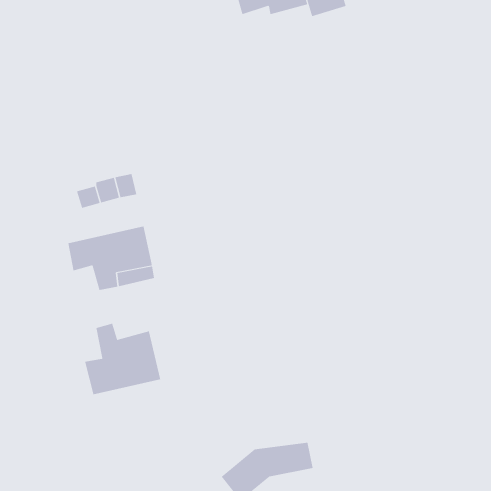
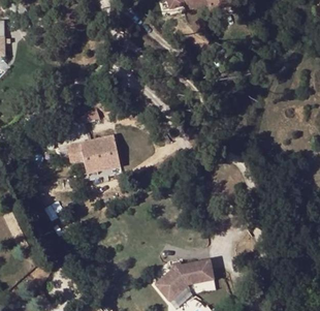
building: [84,323,161,395] -> none

